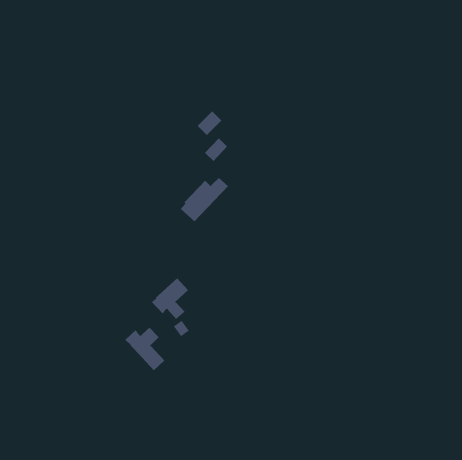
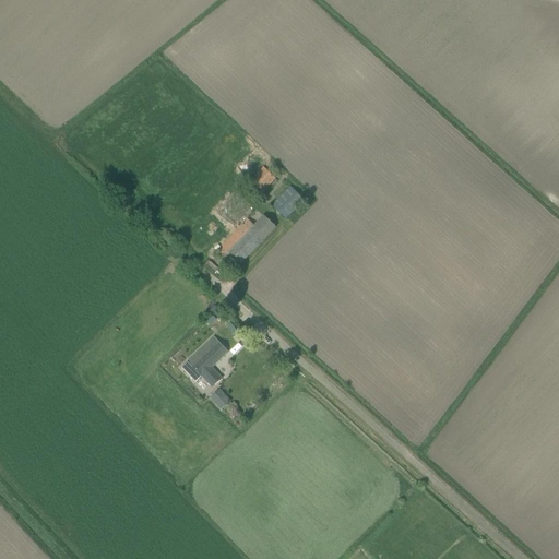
building: [197,110,222,136] -> [273,186,304,216]
building: [125,327,165,371] -> none

